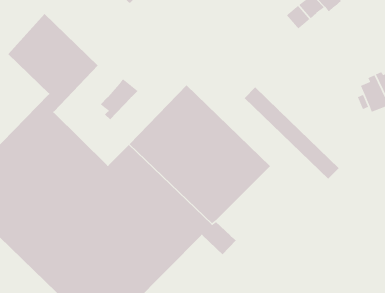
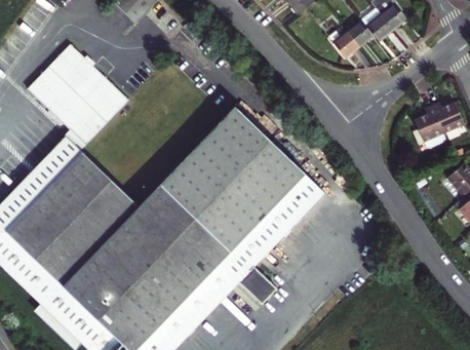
building: [100,78,138,120] -> none
building: [244,87,340,180] -> [224,106,327,206]

